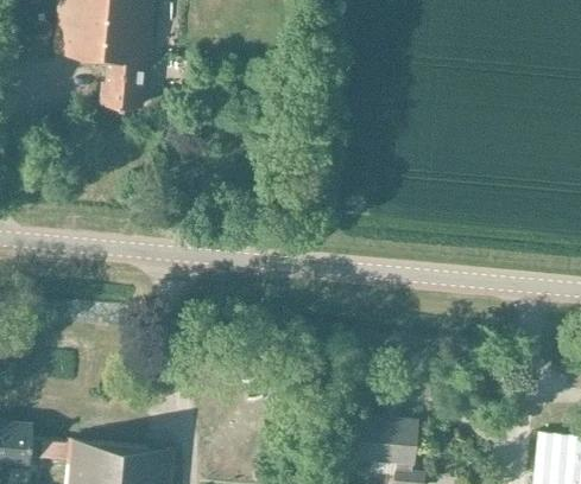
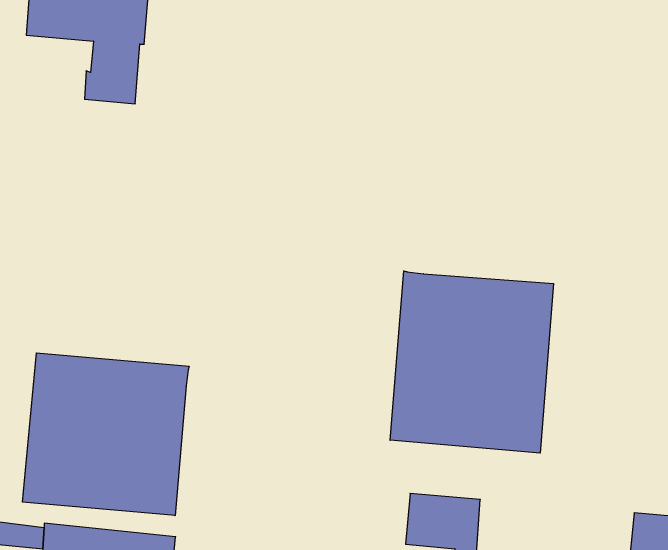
building: none -> [390,271,554,453]
building: none -> [23,353,189,516]

